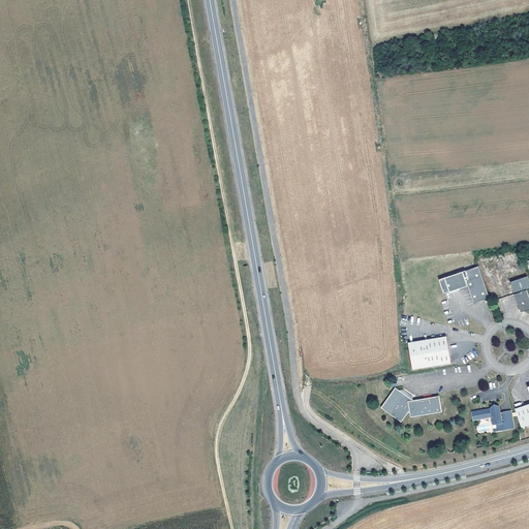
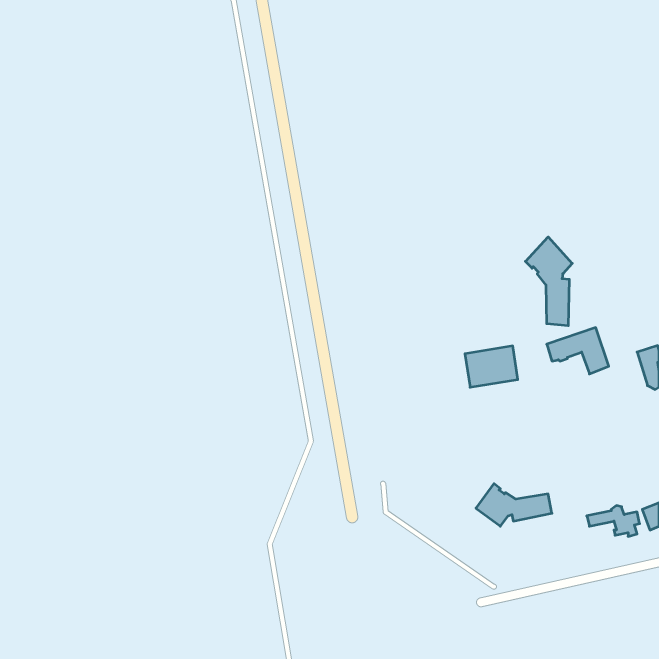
building: none -> [525,237,572,326]
building: [408,336,450,369] -> [465,346,518,387]

